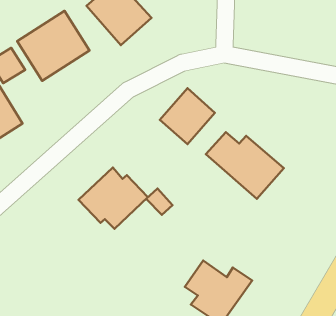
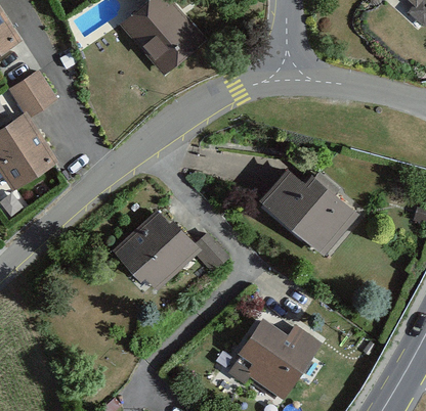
building: [17,11,90,81] -> none
building: [160,88,215,144] -> none

